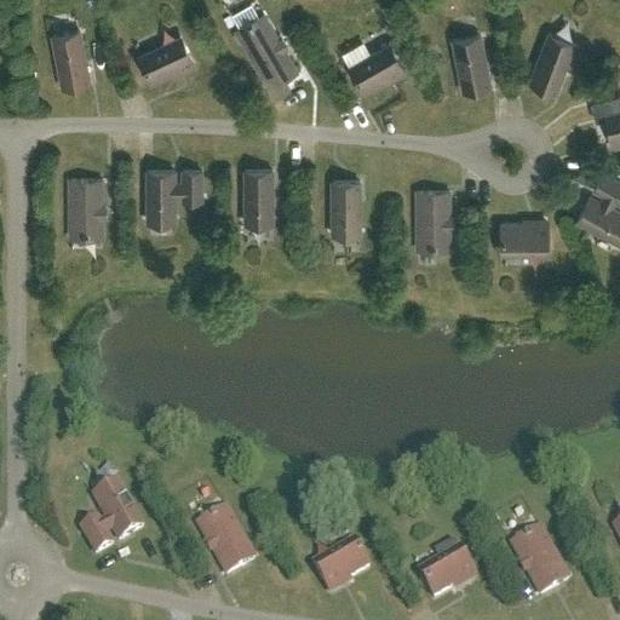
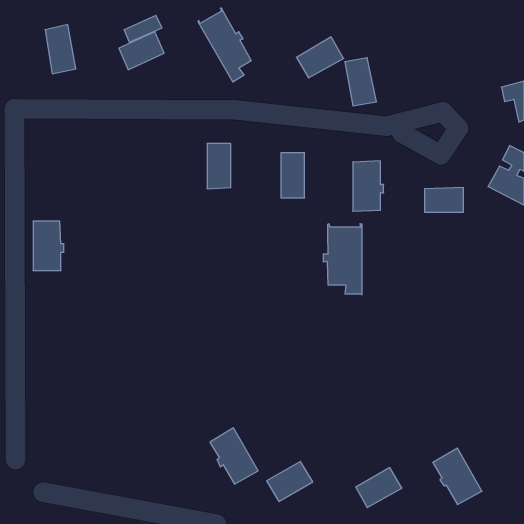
building: [529,33,574,92] -> none
building: [453,34,490,91] -> [345,58,376,106]
building: [148,170,202,220] -> none
building: [70,179,107,237] -> [33,221,64,271]
building: none -> [324,224,362,295]
building: [81,484,143,556] -> none
building: [197,509,254,575] -> [210,428,258,484]

